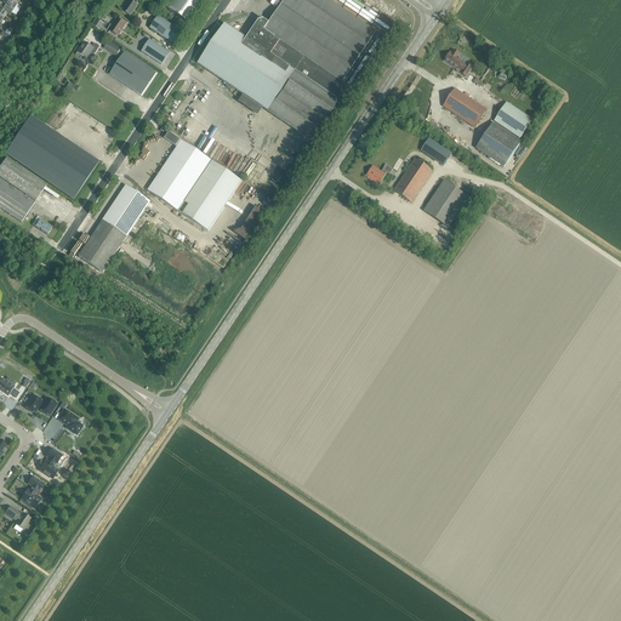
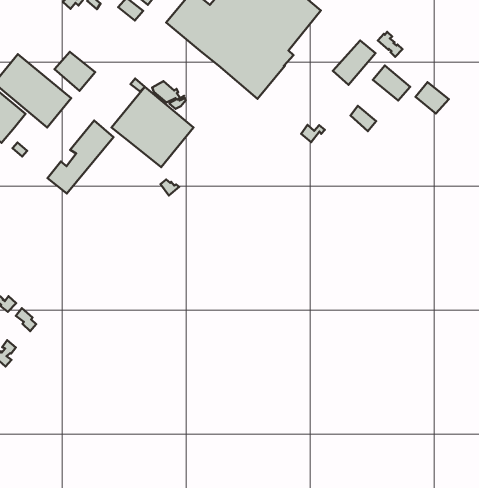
building: [108,50,155,93] -> [54,52,95,91]
building: none -> [333,40,376,85]
building: [474,120,519,165] -> none
building: [392,158,431,200] -> none
building: [422,178,467,226] -> none

